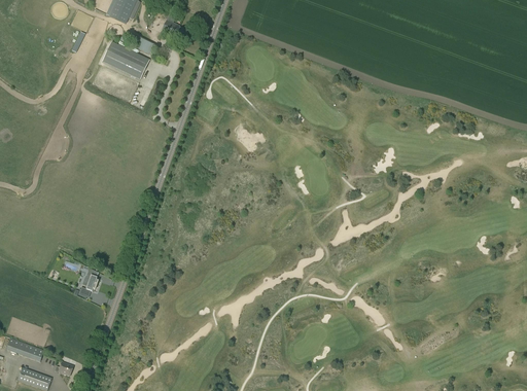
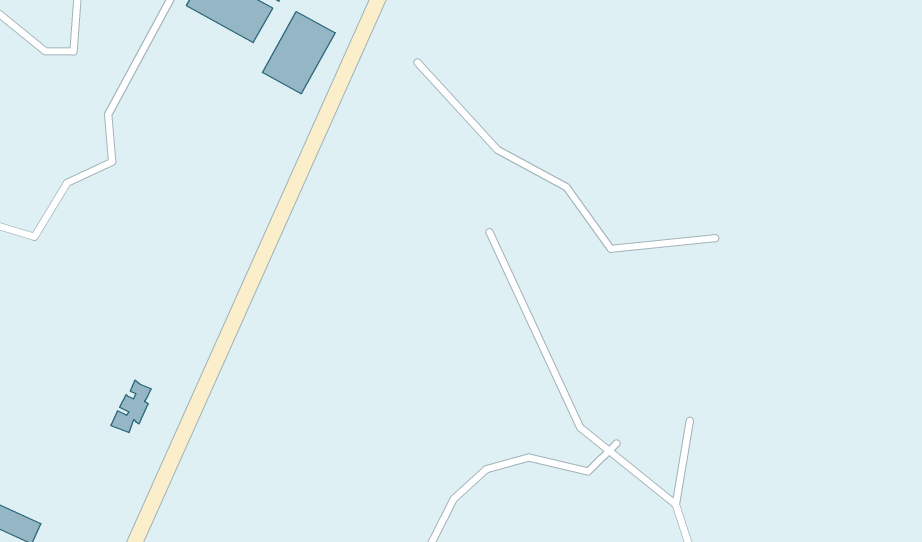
building: none -> [262,12,335,94]

